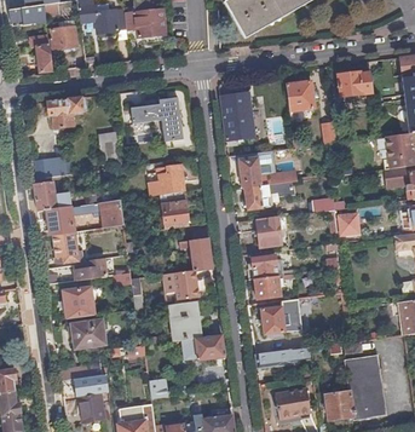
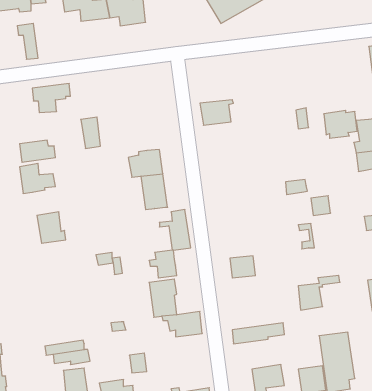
building: [51,22,77,48] -> none
building: [336,71,371,100] -> [324,110,357,138]
building: [286,81,315,111] -> none
building: [219,92,255,117] -> none
building: [131,94,181,142] -> none
building: [240,151,295,209] -> none
building: [46,200,122,235] -> none
building: [255,218,281,248] -> none
building: [247,255,282,281] -> none
building: [73,259,105,281] -> none
building: [62,288,93,319] -> none
building: [260,299,304,335] -> [298,275,340,310]
building: [70,321,103,349] -> none

